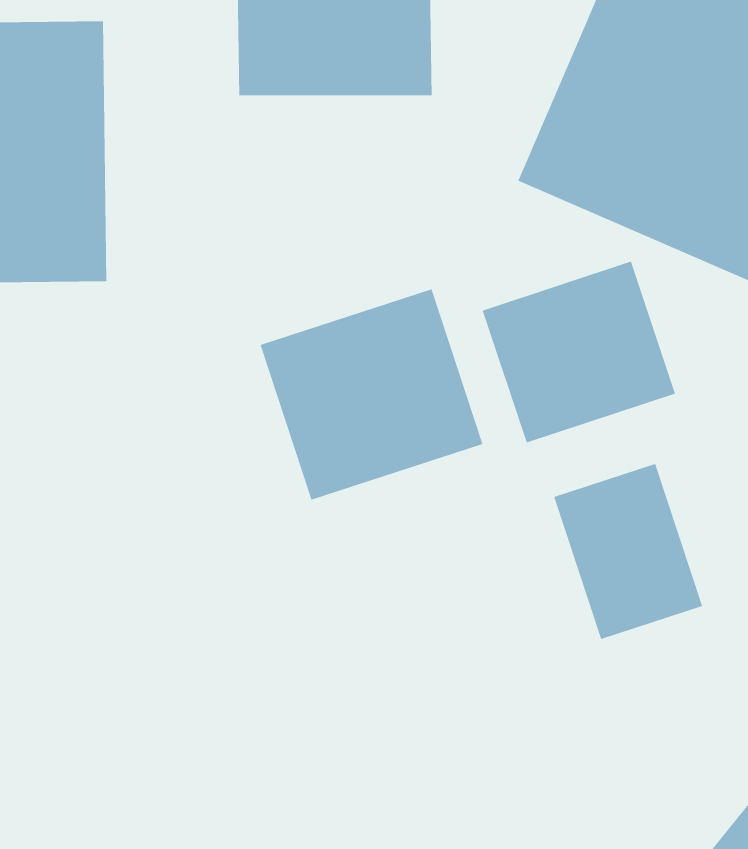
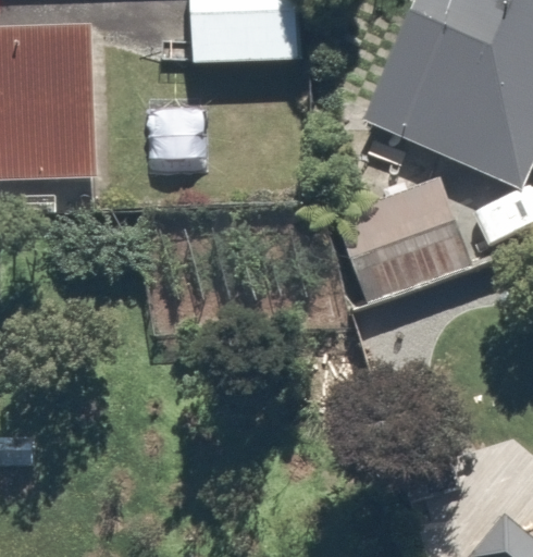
building: [260,288,483,501] -> none
building: [554,463,703,640] -> none

